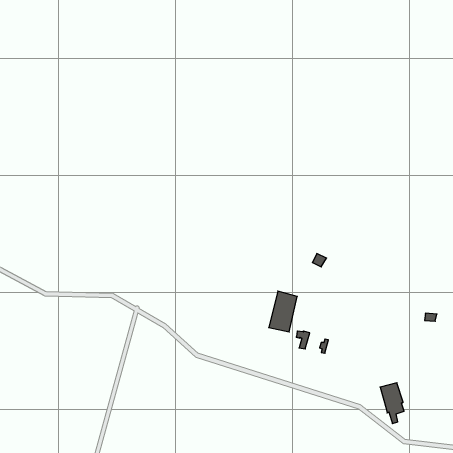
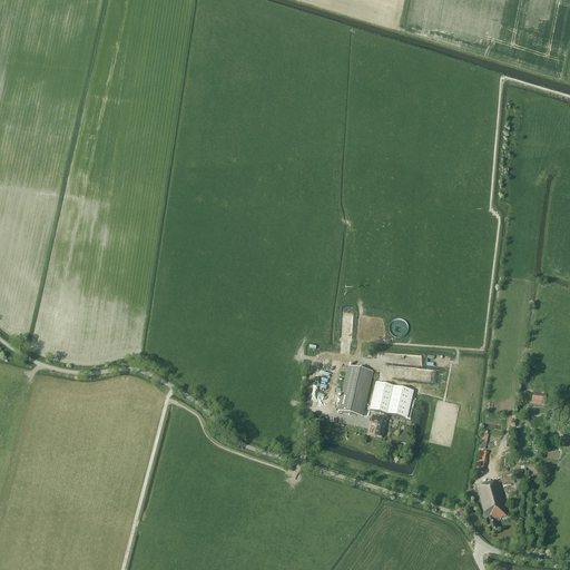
building: none -> [372,381,412,416]

